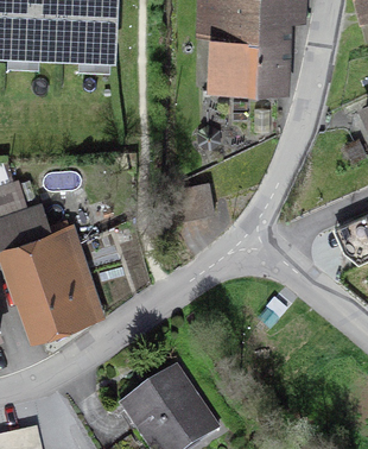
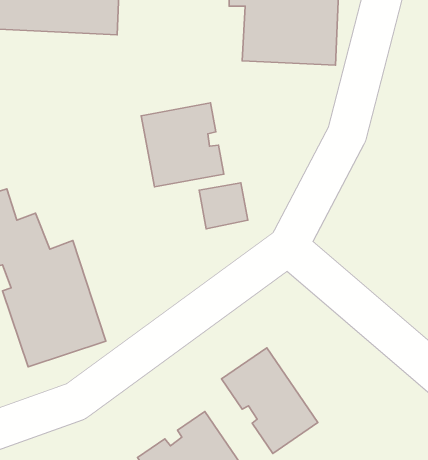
building: none -> [141,103,224,187]
building: none -> [222,348,318,453]

